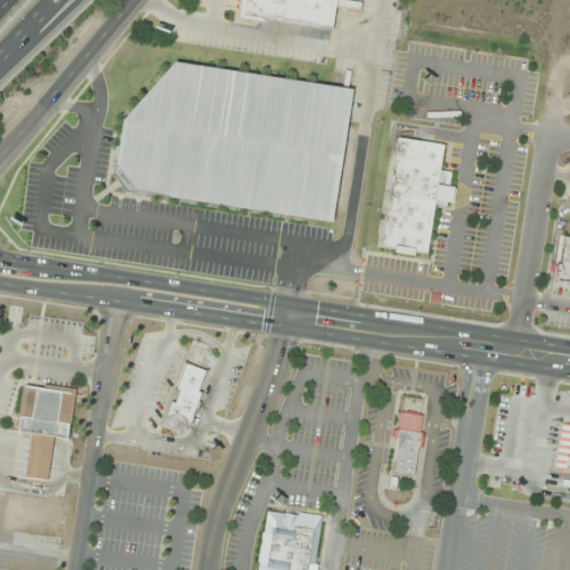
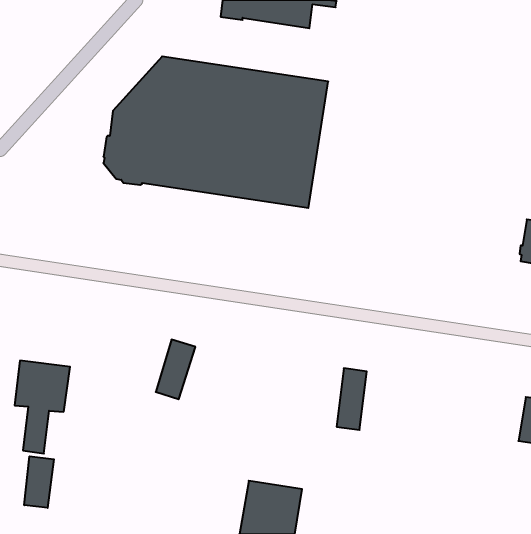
building: [380,135,455,255] -> none
building: [394,412,426,478] -> [337,368,367,430]
building: none -> [24,456,54,508]

